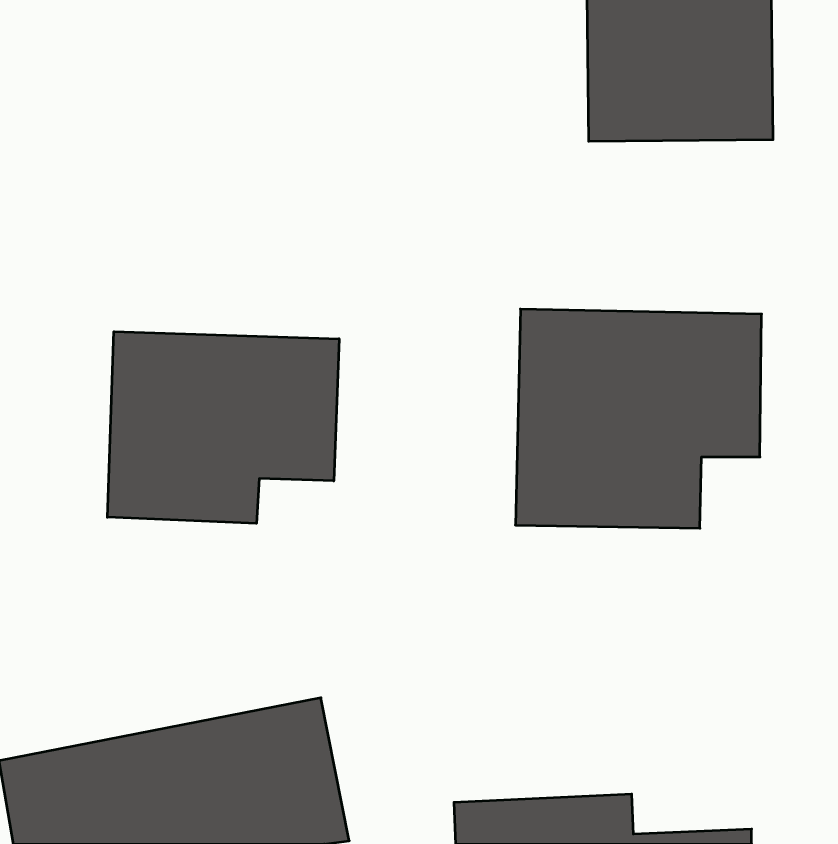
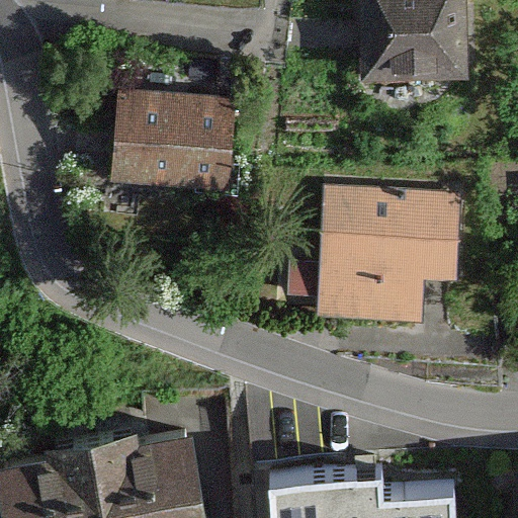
building: none -> [110,92,232,189]
building: [107,332,339,523] -> none

